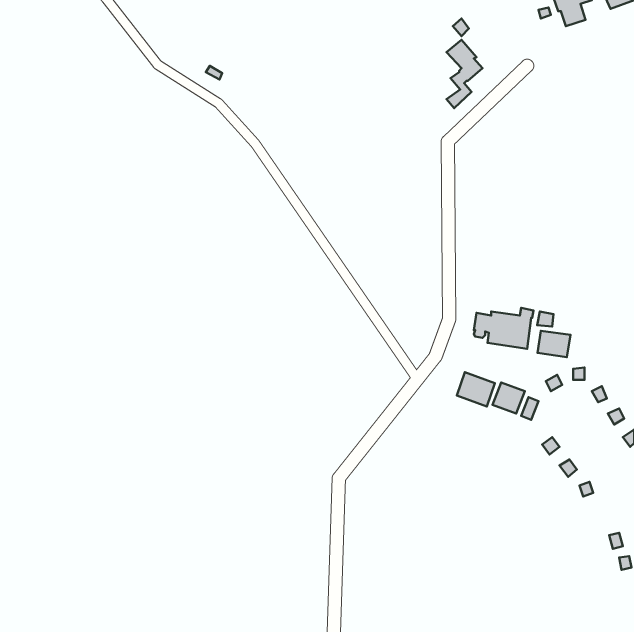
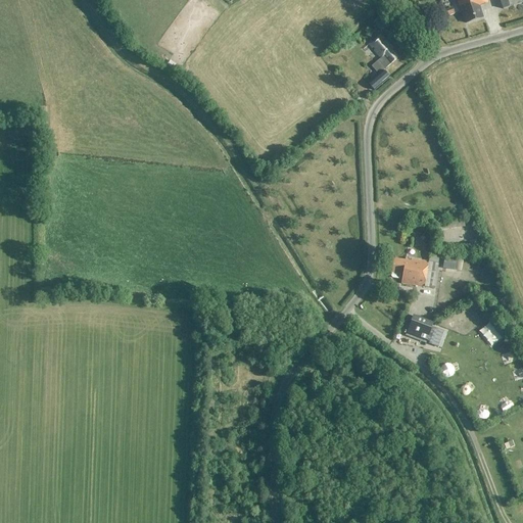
building: [537,331,570,357] -> none
building: [457,372,495,407] -> none

